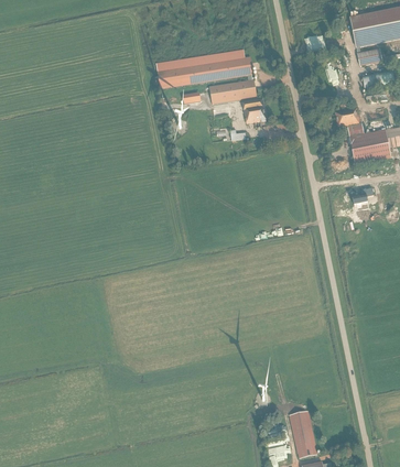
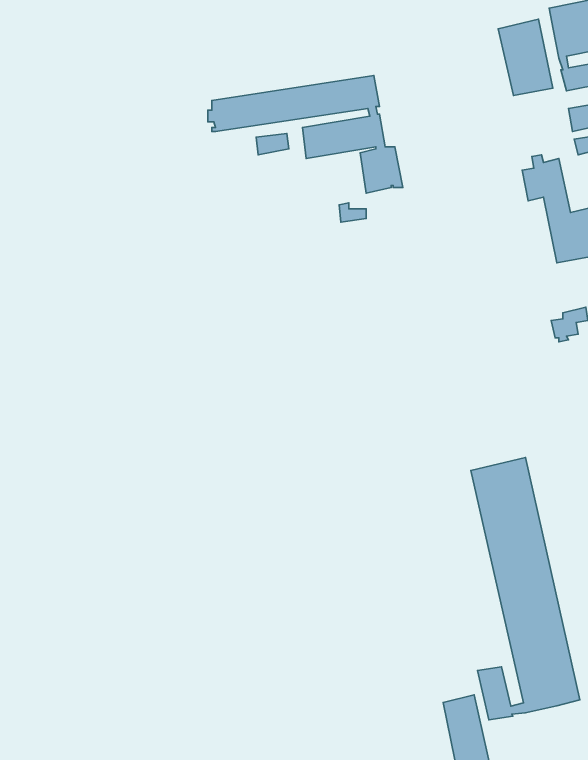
building: none -> [498,19,553,95]
building: none -> [471,457,580,720]

